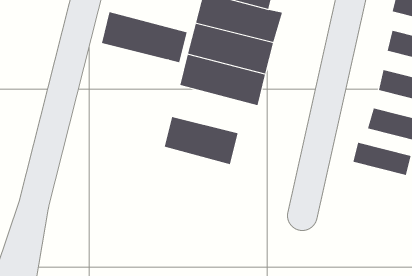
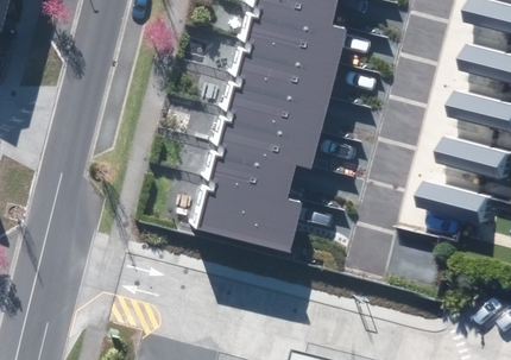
building: [101,12,188,63] -> [209,109,314,171]
building: none -> [189,184,295,246]

